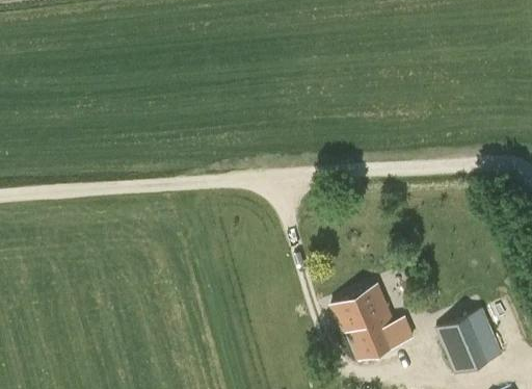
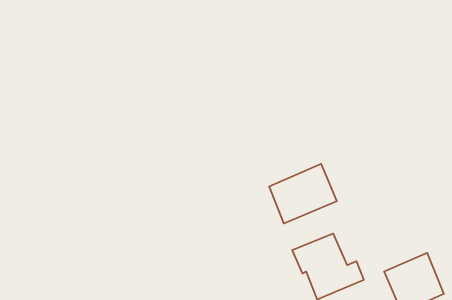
building: none -> [269,164,337,223]

